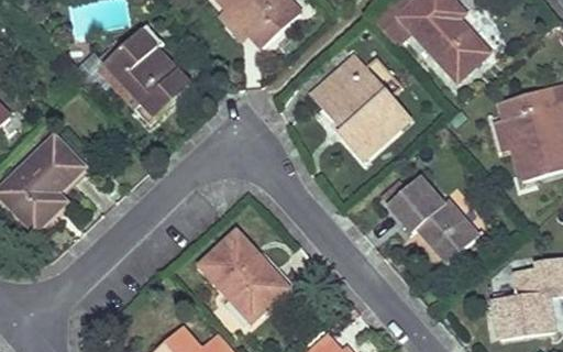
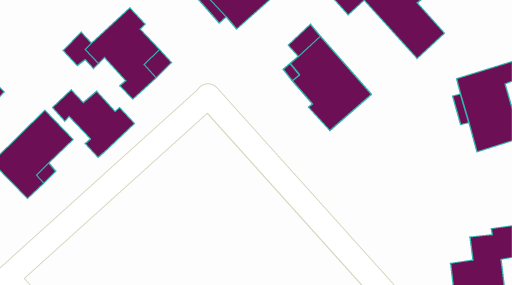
building: none -> [53,90,134,157]
building: [388,177,476,262] -> none
building: [201,232,287,320] -> none

